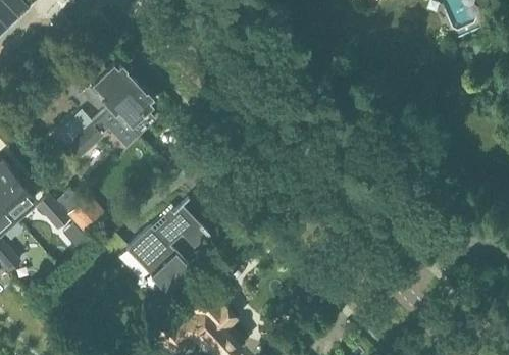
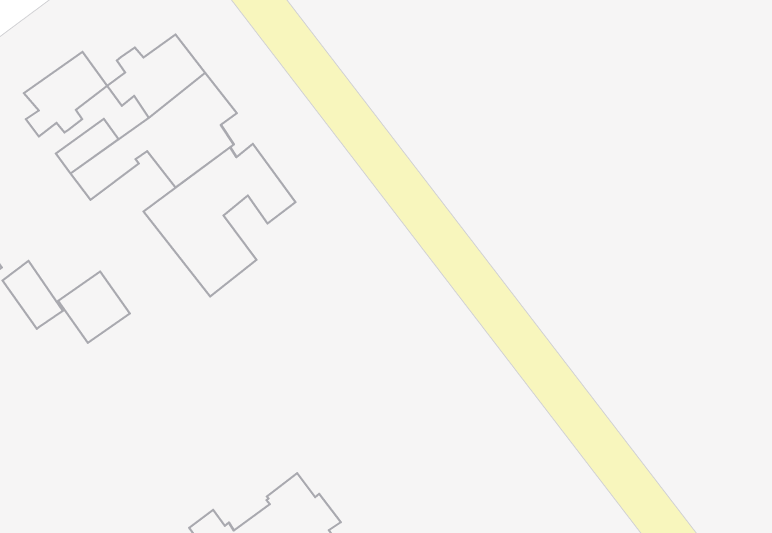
building: none -> [24,52,107,136]
building: [125,206,208,292] -> [144,144,296,296]

